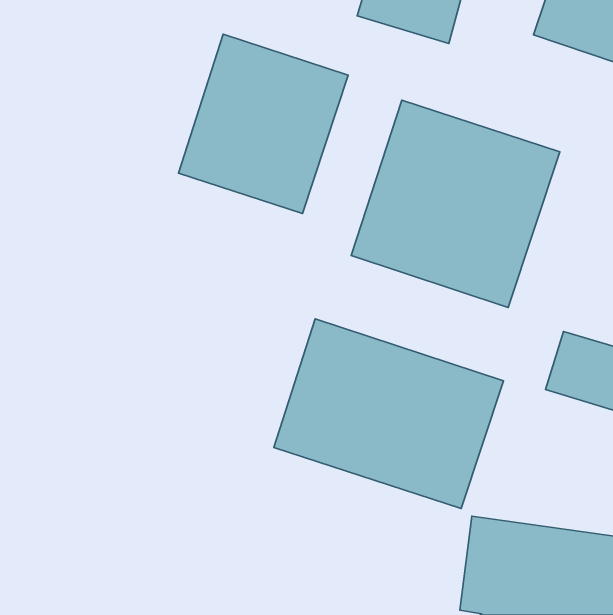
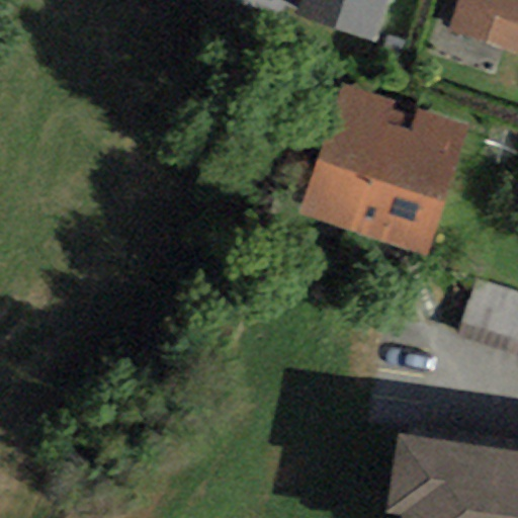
building: [178,34,348,213] -> none
building: [274,319,504,509] -> none

